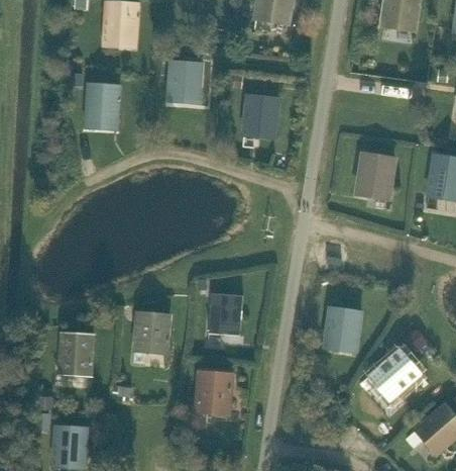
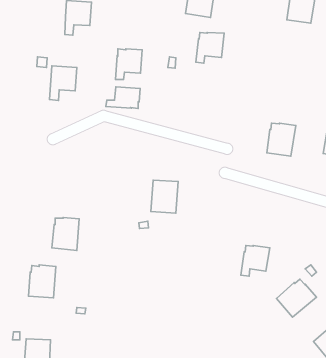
building: [243,97,278,135] -> [196,33,224,63]
building: none -> [106,87,140,108]
building: [208,293,242,335] -> [151,180,178,213]
building: [134,312,168,354] -> [52,217,79,250]
building: [197,373,231,412] -> none

